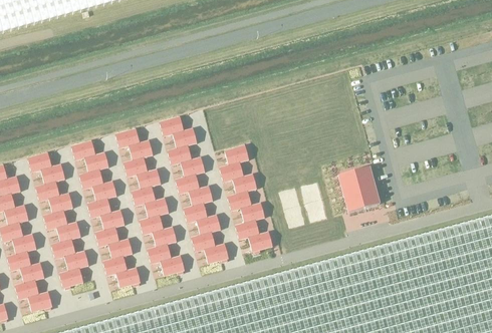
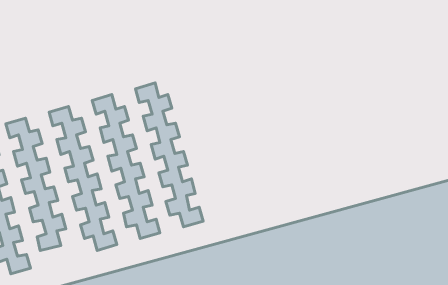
building: [219,146,271,253] -> none
building: [336,168,379,214] -> none

